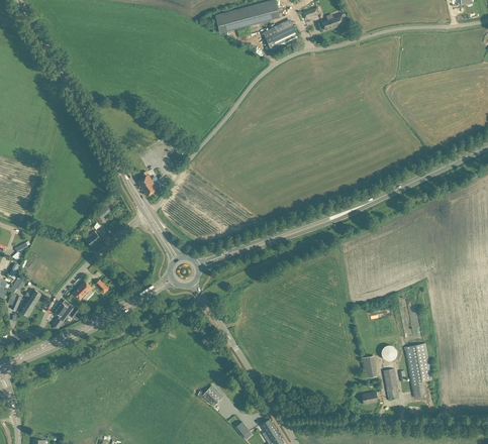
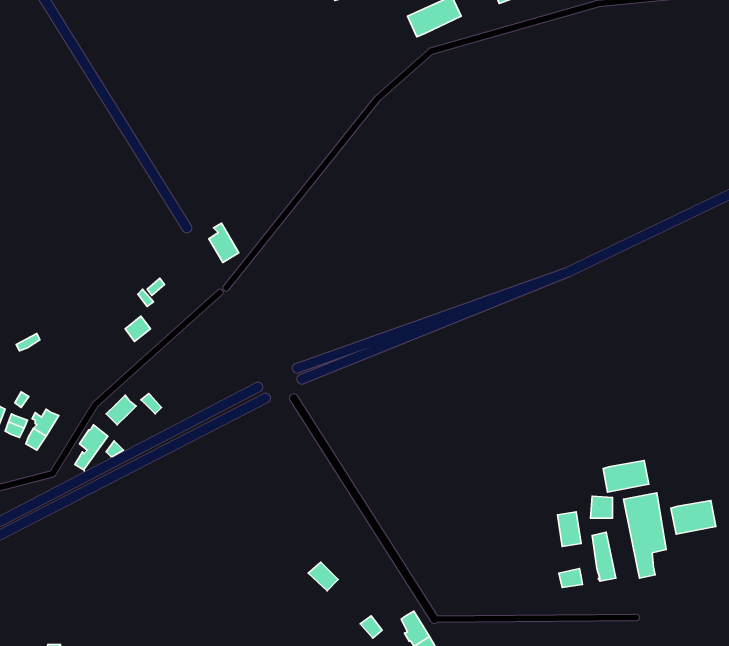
building: none -> [603,461,649,492]
building: none -> [671,500,716,534]

